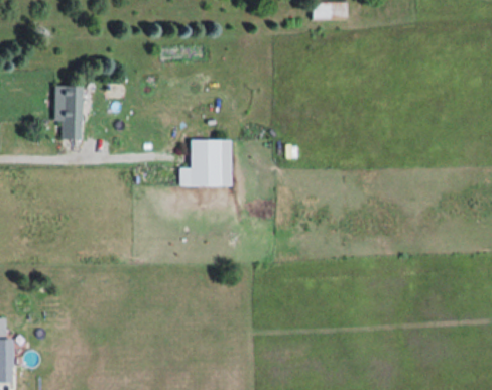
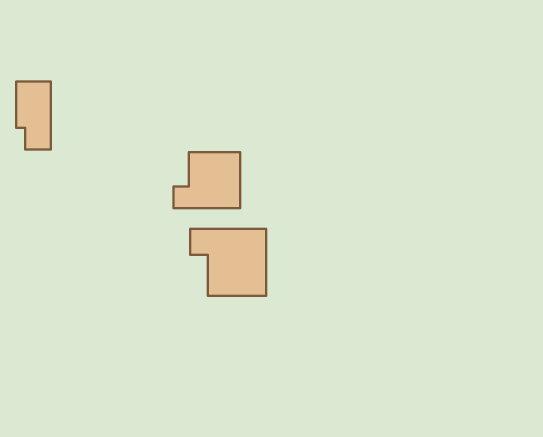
building: none -> [190,229,266,296]

